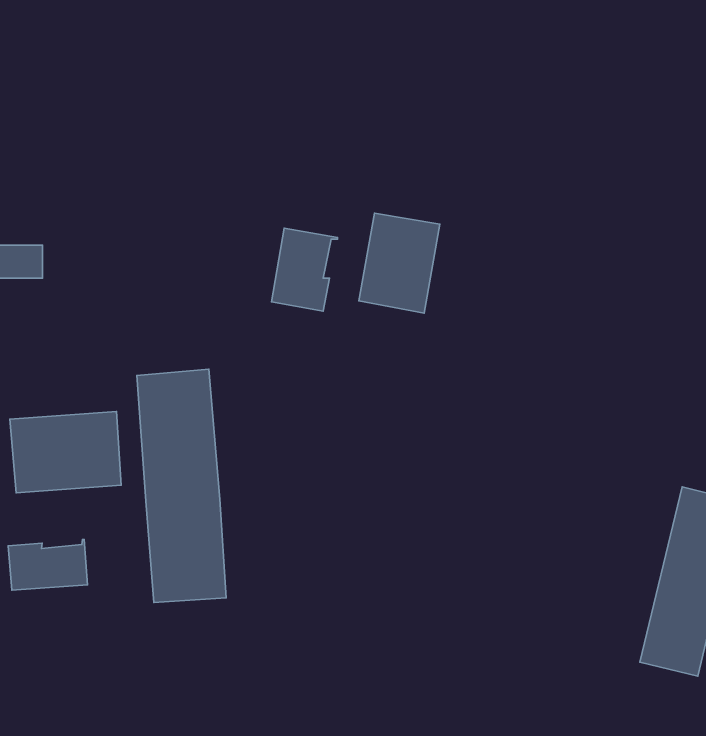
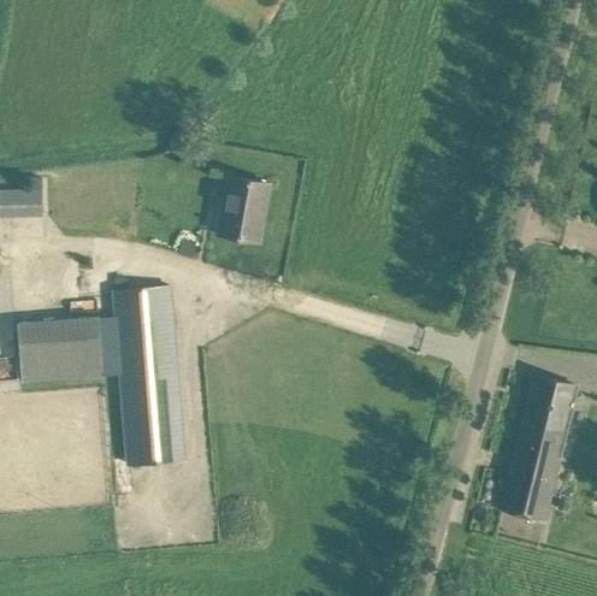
building: [359,213,440,313] -> none
building: [8,539,87,590] -> none

